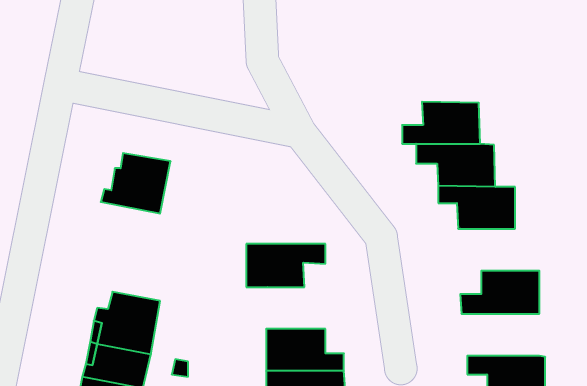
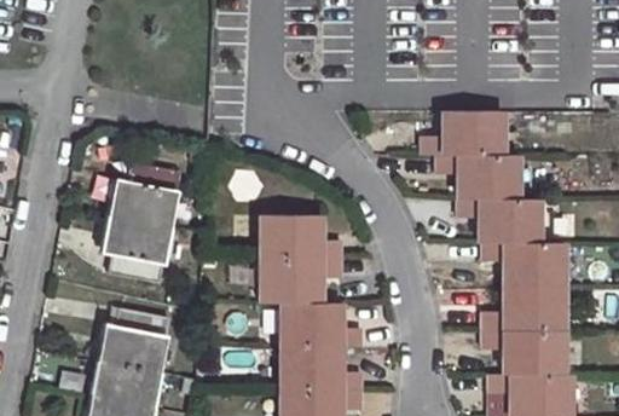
building: none -> [106,214,170,282]
building: none -> [260,214,342,258]
building: none -> [482,242,565,285]
building: none -> [280,302,363,346]
building: none -> [484,330,565,374]

